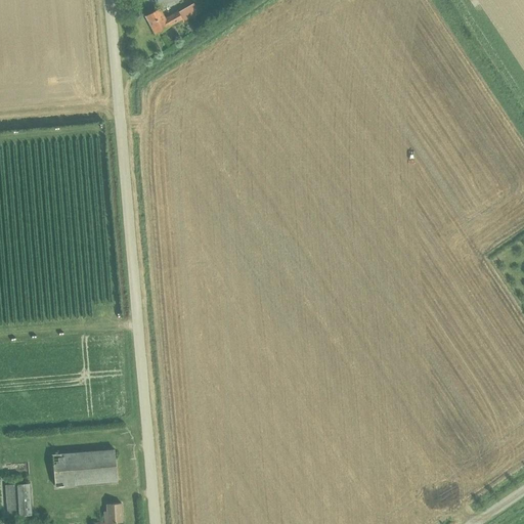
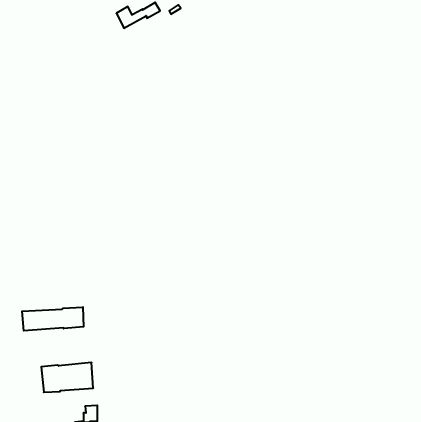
building: none -> [22,307,84,331]
building: [4,483,32,516] -> none

